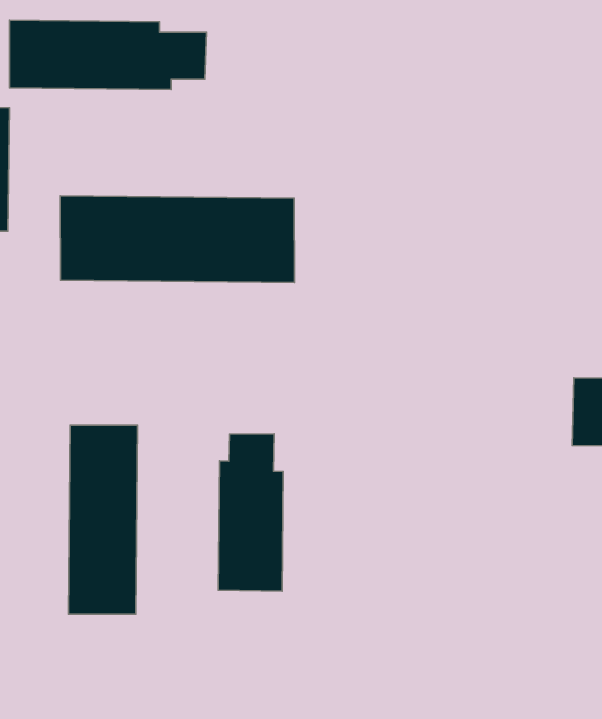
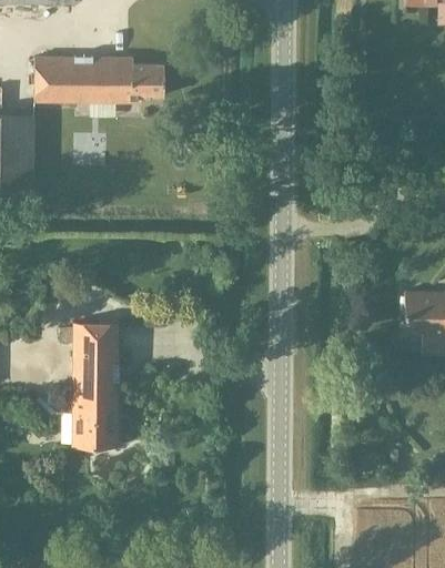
building: [60,196,295,283] -> none
building: [218,434,283,591] -> none

